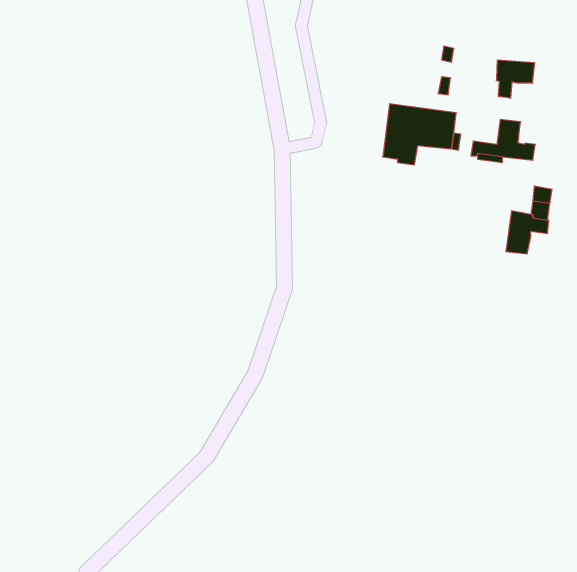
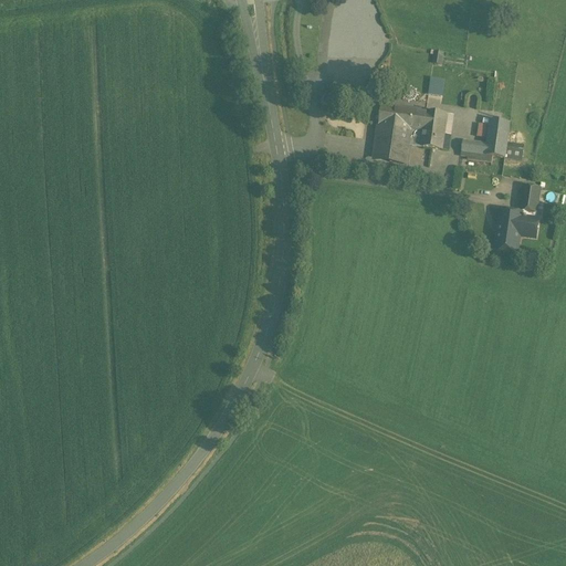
building: [496,60,534,98] -> none

